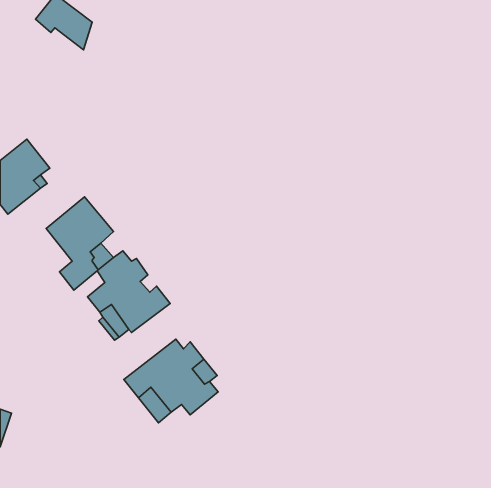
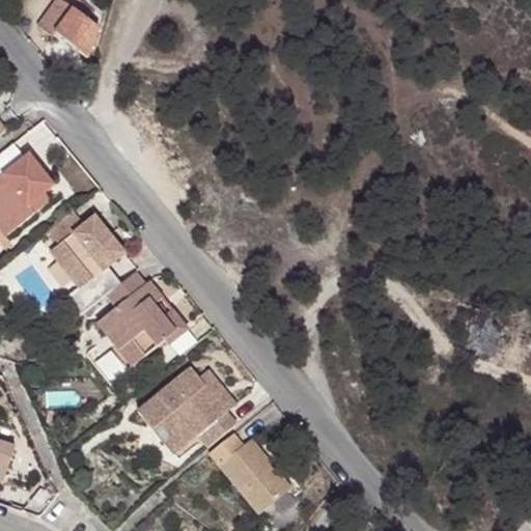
building: none -> [209,434,291,515]

